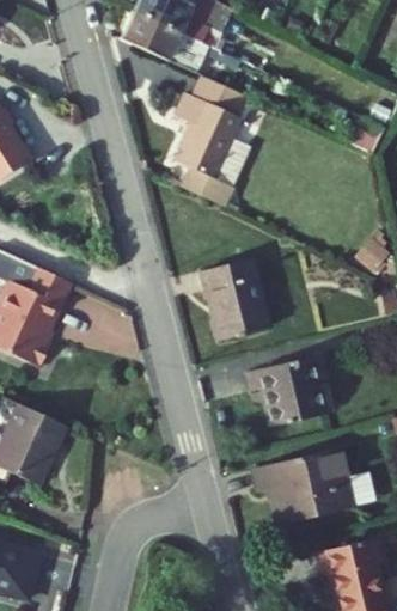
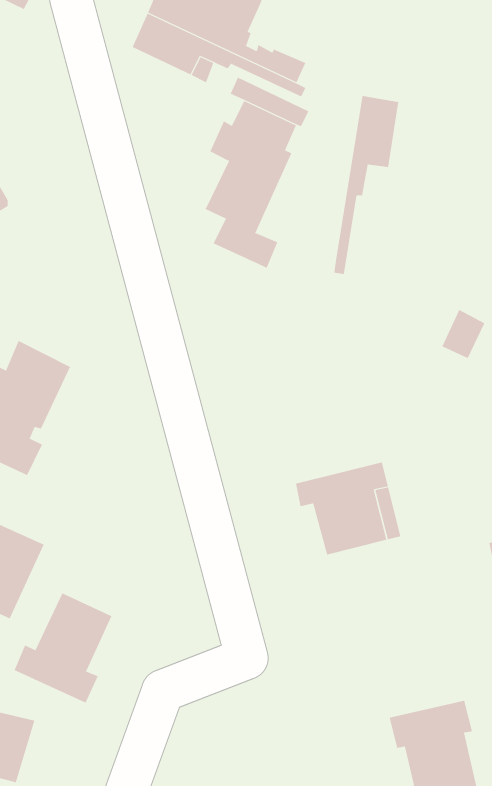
building: none -> [334,95,399,275]
building: [201,256,269,338] -> none
building: [254,447,354,523] -> none
building: none -> [14,592,112,704]

